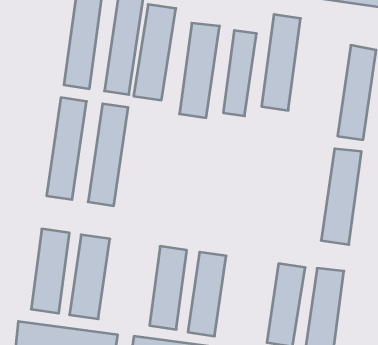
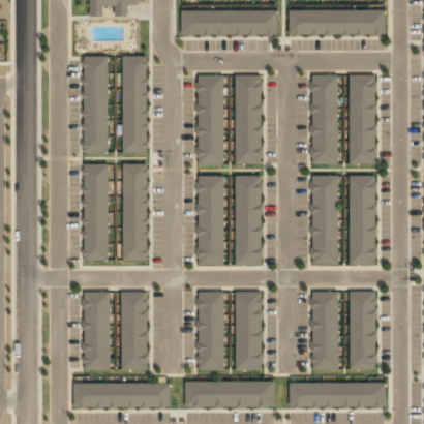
building: [134,4,176,100] -> [196,176,224,265]
building: [262,14,301,110] -> [311,75,338,164]
building: none -> [235,176,262,266]
building: none -> [312,177,337,264]

